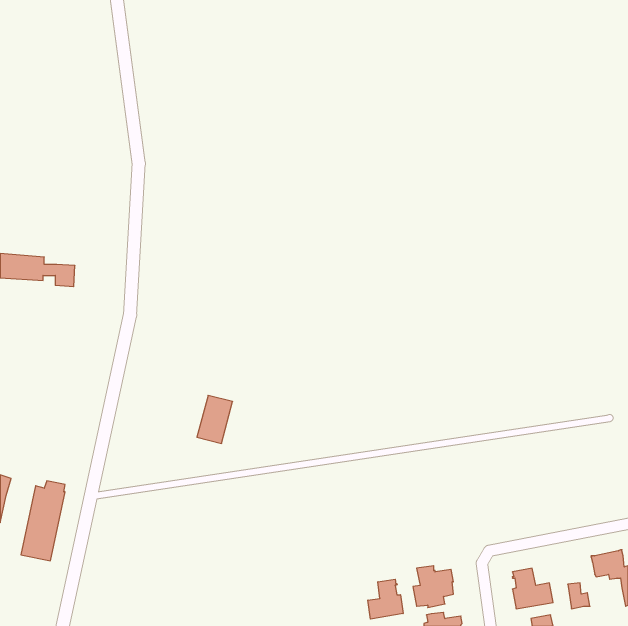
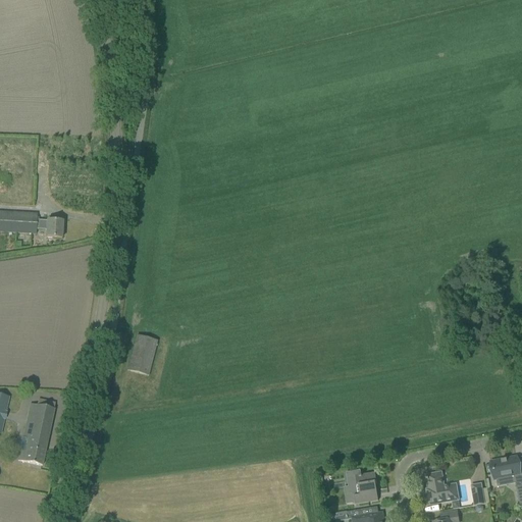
building: [197,395,233,443] -> [127,334,157,374]
building: [368,579,403,619] -> none

